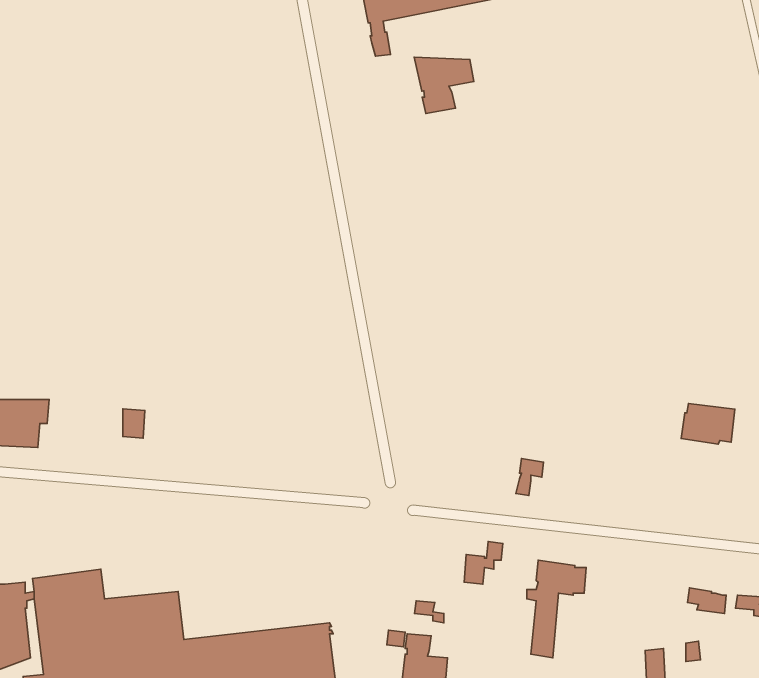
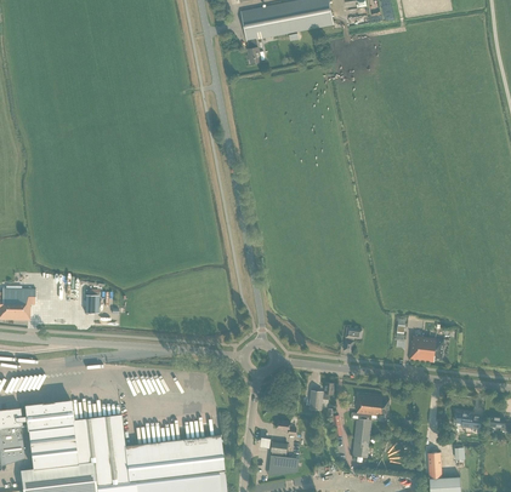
building: [414,57,474,113] -> none
building: [681,404,735,444] -> [408,336,443,362]

